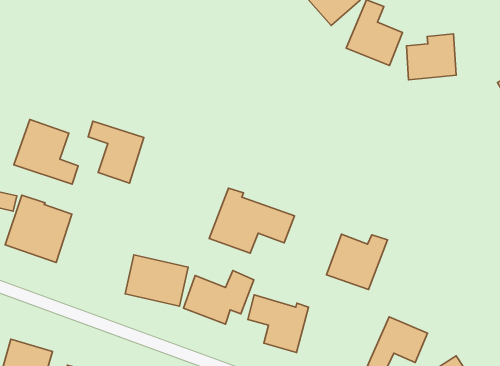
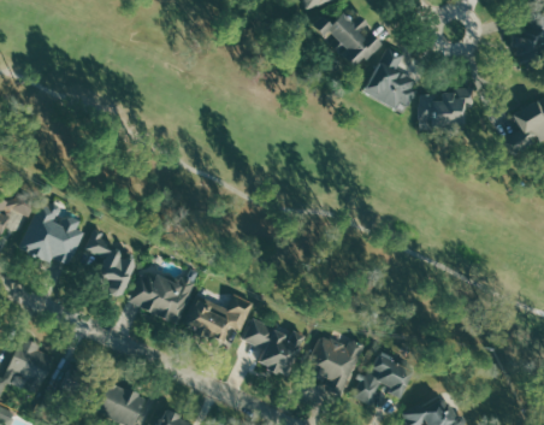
building: [14,120,78,184] -> none
building: [88,121,144,183] -> [85,236,138,299]
building: [209,188,295,253] -> none
building: [326,234,387,290] -> [303,336,365,391]

